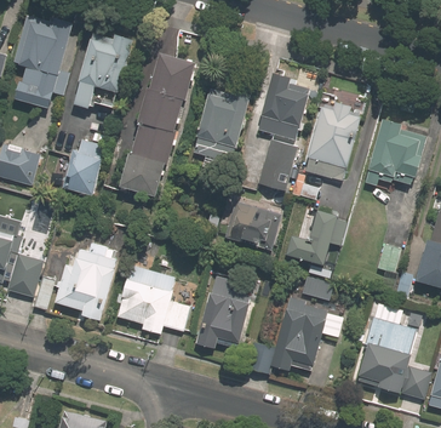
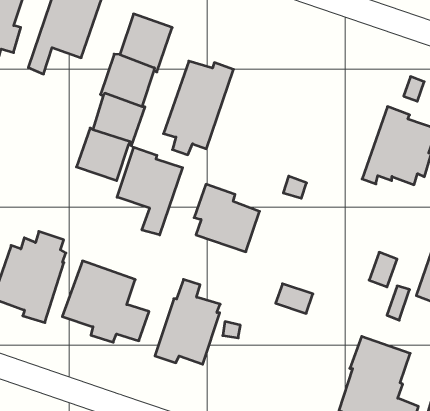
building: [258,73,310,139] -> none
building: [304,102,360,181] -> none
building: [61,139,104,196] -> none
building: [257,139,296,190] -> none
building: none -> [117,147,183,235]
building: [287,210,345,264] -> none
building: [242,296,321,373] -> none

